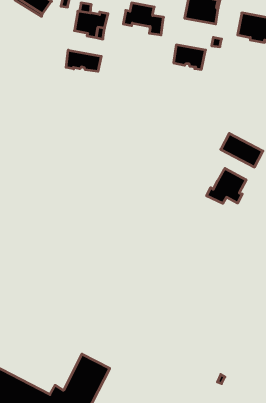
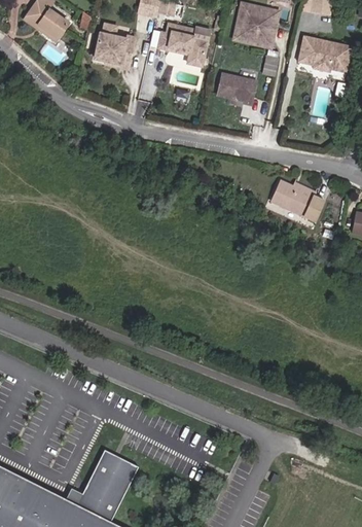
building: [66,50,101,71] -> none
building: [207,168,246,203] -> none

